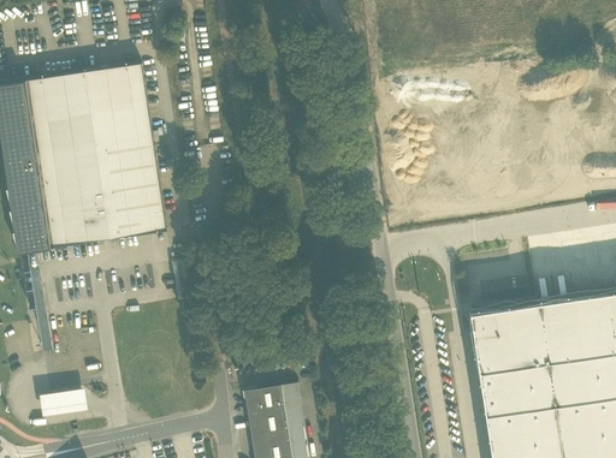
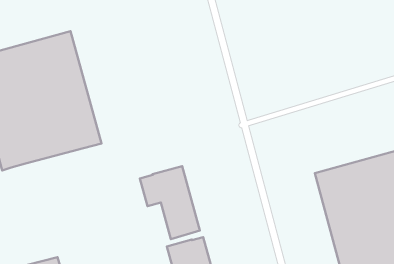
building: none -> [140,166,200,239]

